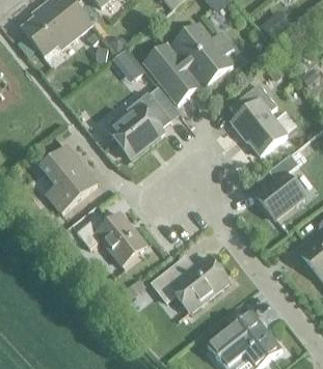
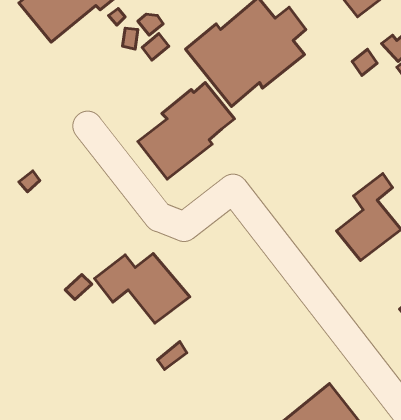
building: [230,83,288,154] -> none
building: [41,144,98,211] -> none
building: [152,256,228,311] -> none

